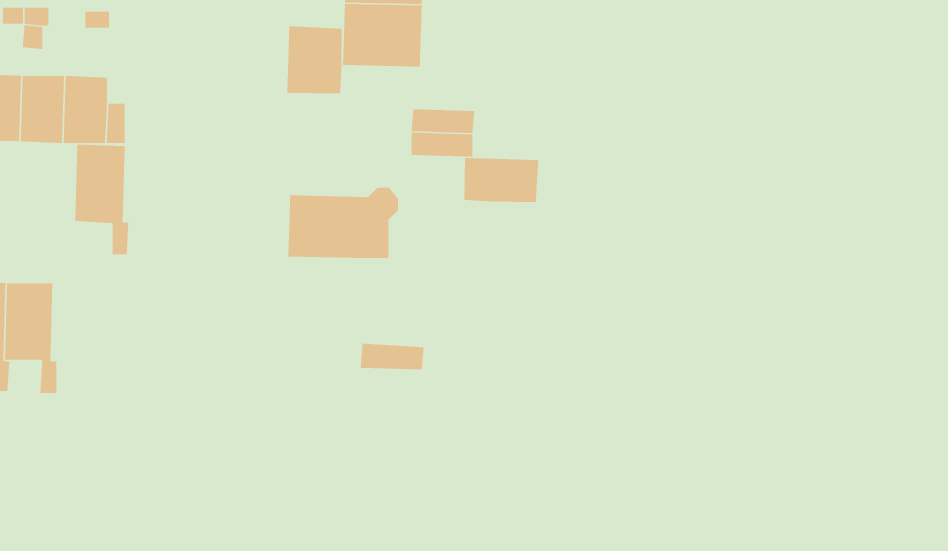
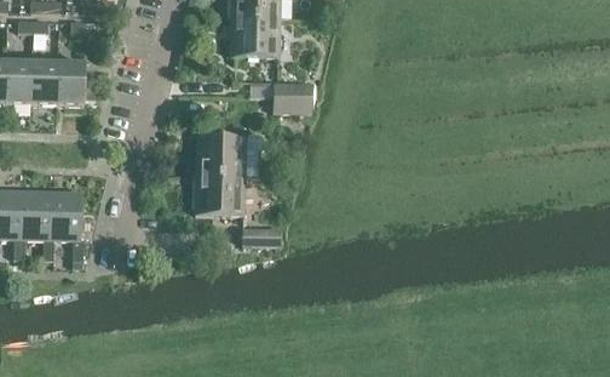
building: [287,25,342,94] -> none
building: [75,144,129,255] -> [48,189,82,258]
building: [464,157,539,203] -> none
building: none -> [194,173,243,213]

